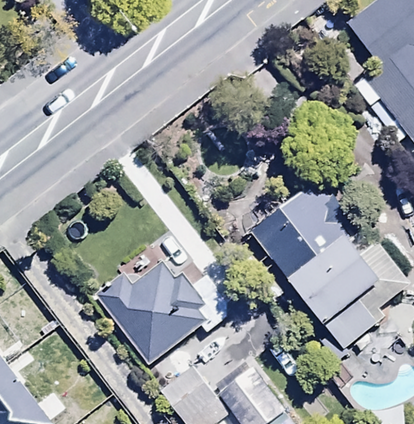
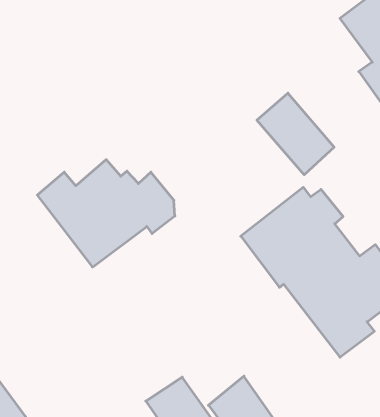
building: none -> [257,93,334,175]
building: [97,262,229,365] -> [37,160,175,267]

